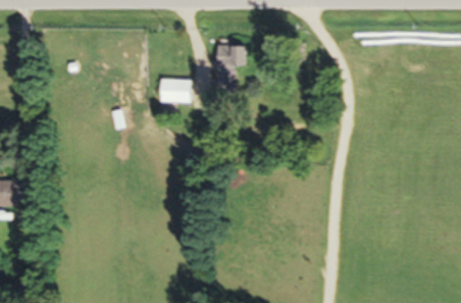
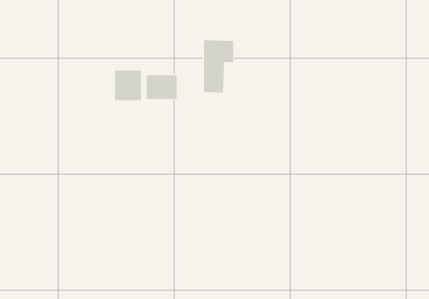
building: none -> [115,70,142,101]

